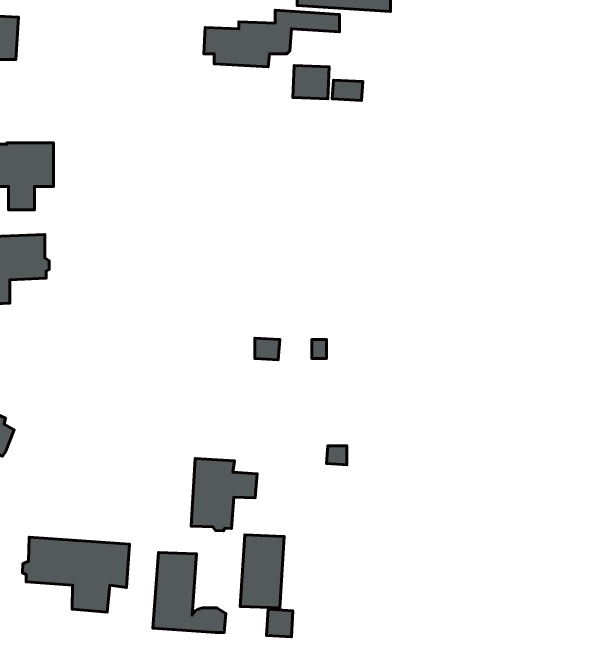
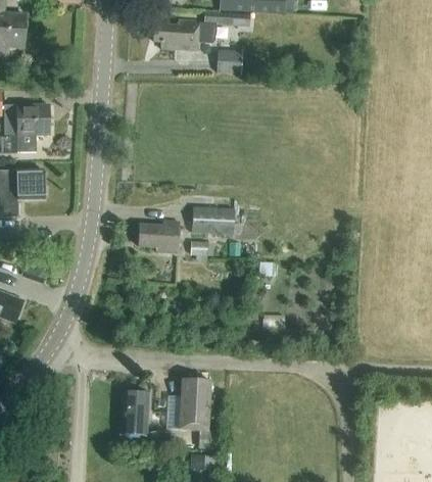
building: none -> [191,205,242,234]
building: none -> [139,220,179,251]
building: [191,459,257,531] -> none
building: [23,537,129,612] -> none

